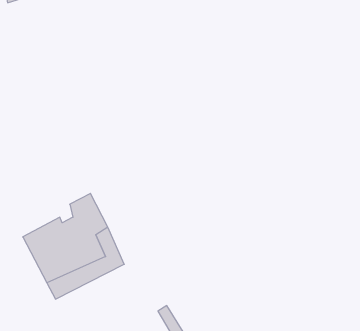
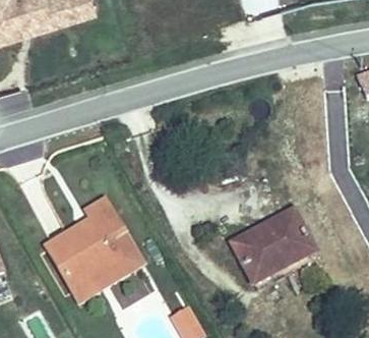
building: none -> [228,208,308,282]

